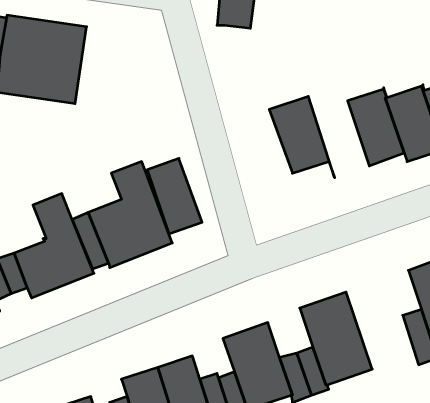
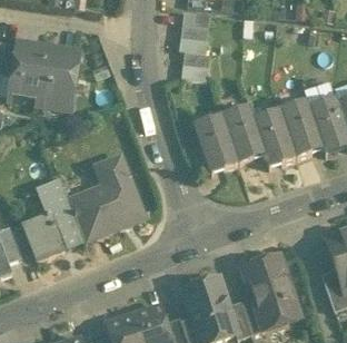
building: none -> [180,49,210,78]
building: none -> [249,104,296,166]
building: [147,158,202,234] -> [195,114,237,172]

